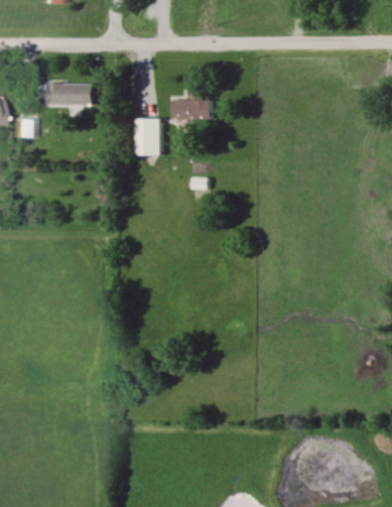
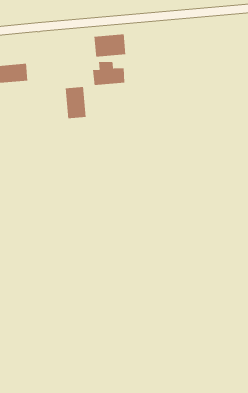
building: none -> [94,33,126,58]

